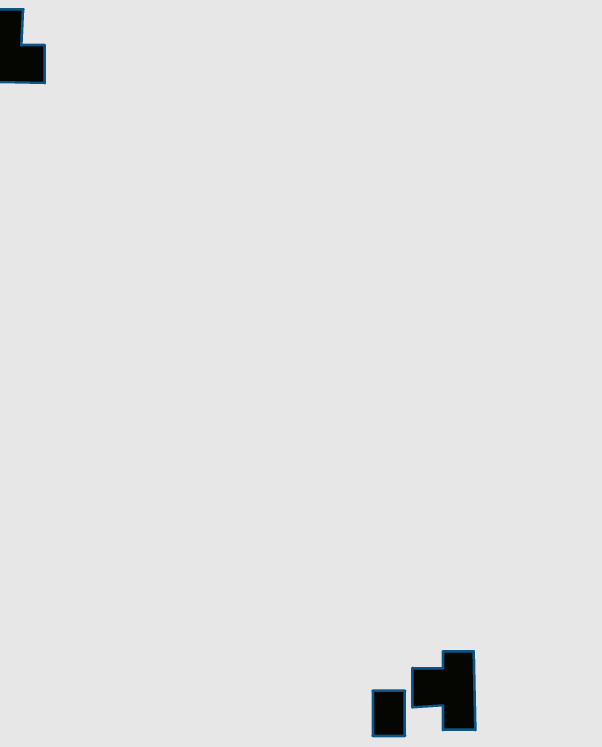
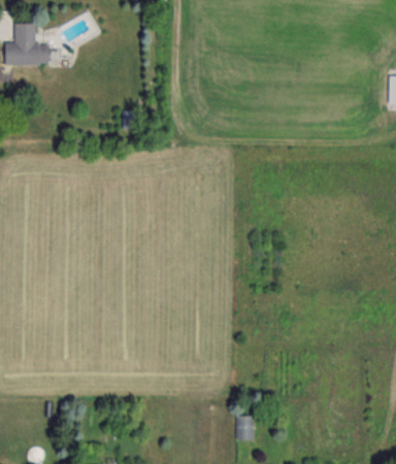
building: [413,651,475,730] -> none

